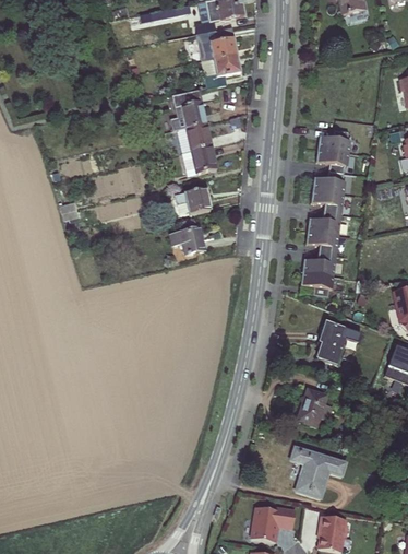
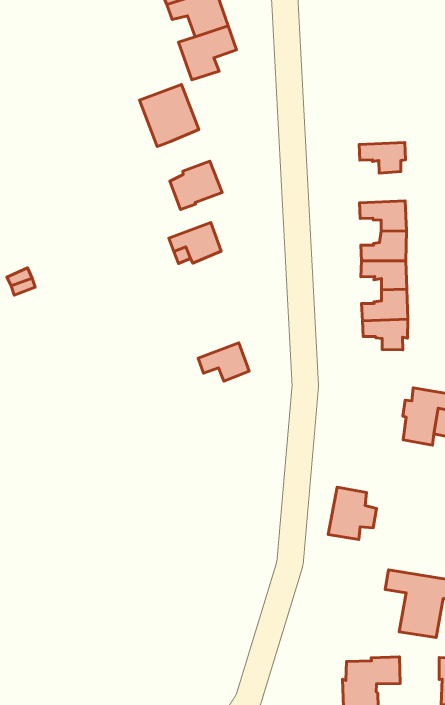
building: [187,122,212,150] -> none
building: [316,129,350,152] -> none
building: [311,170,345,192] -> none
building: [170,228,204,254] -> [198,343,249,381]
building: [297,388,333,426] -> [328,487,377,540]

